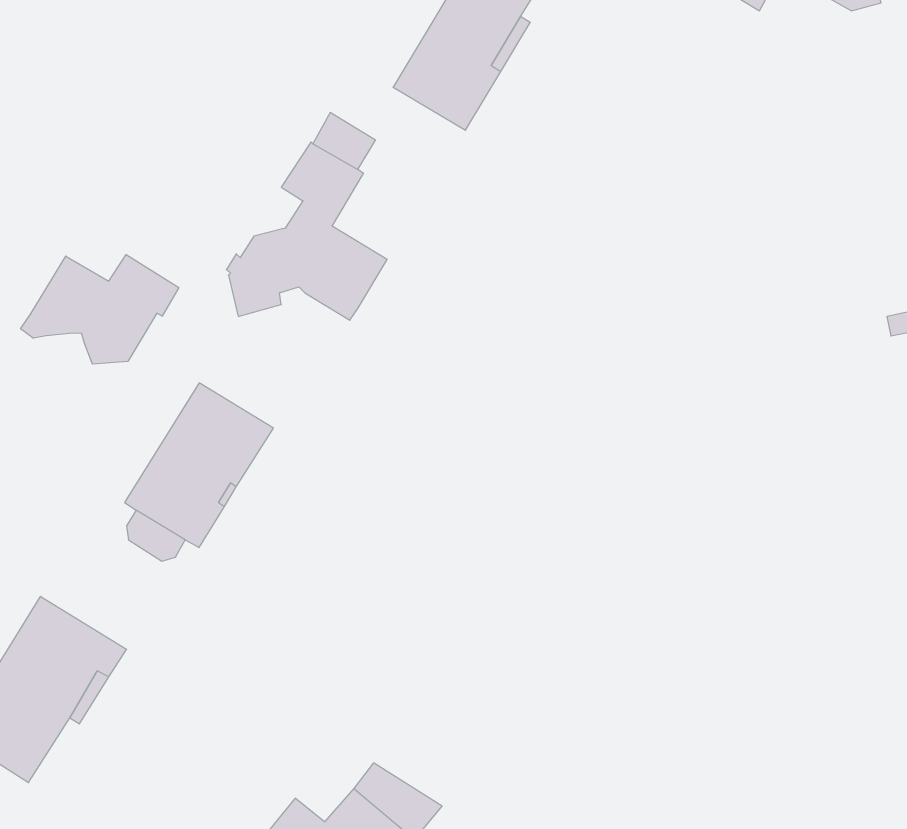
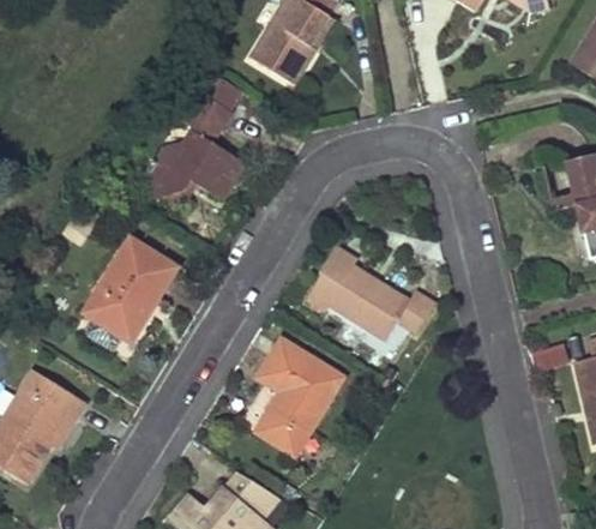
building: [21,255,179,364] -> none
building: none -> [307,247,433,338]
building: none -> [257,338,343,455]

